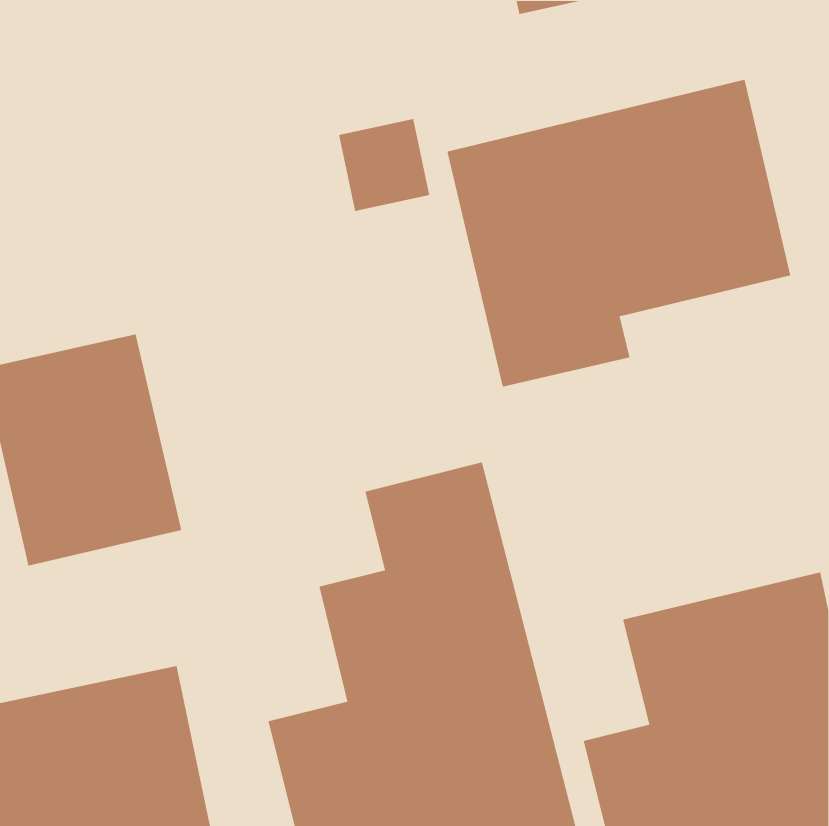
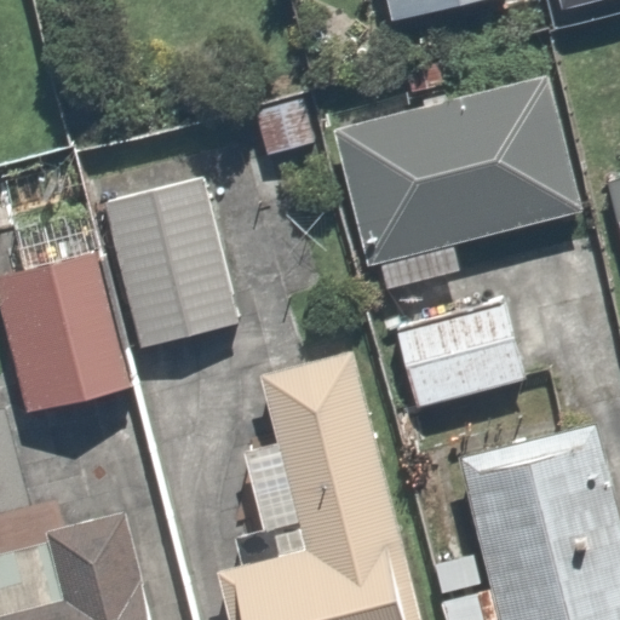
building: none -> [101,171,240,355]
building: none -> [389,298,541,418]

